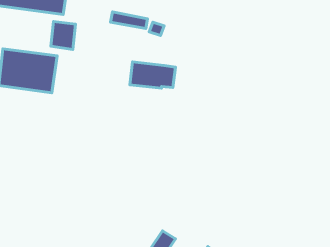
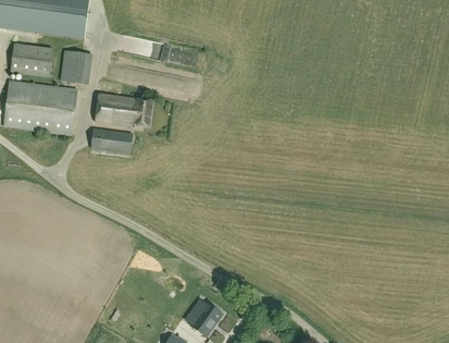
building: none -> [9,44,51,76]
building: [130,62,176,88] -> [93,94,150,126]
building: none -> [89,127,130,152]

